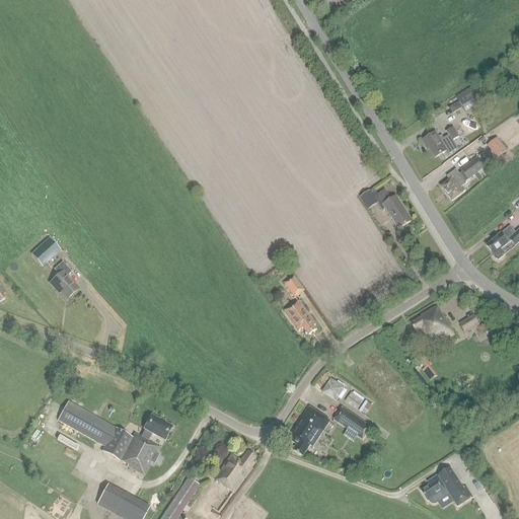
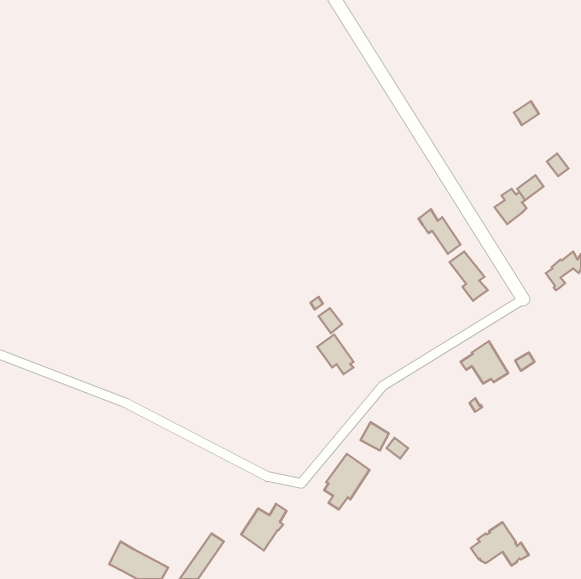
building: [423,126,459,156] -> none
building: none -> [450,252,488,301]
building: [30,236,60,265] -> none
building: [50,261,78,298] -> none
building: [59,400,172,473] -> none
building: [333,405,371,438] -> none

